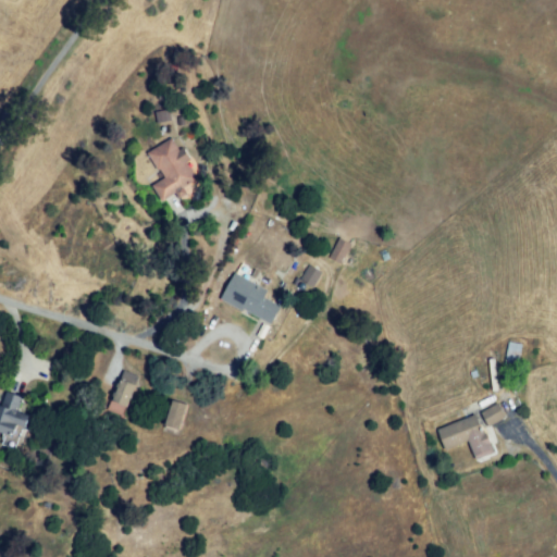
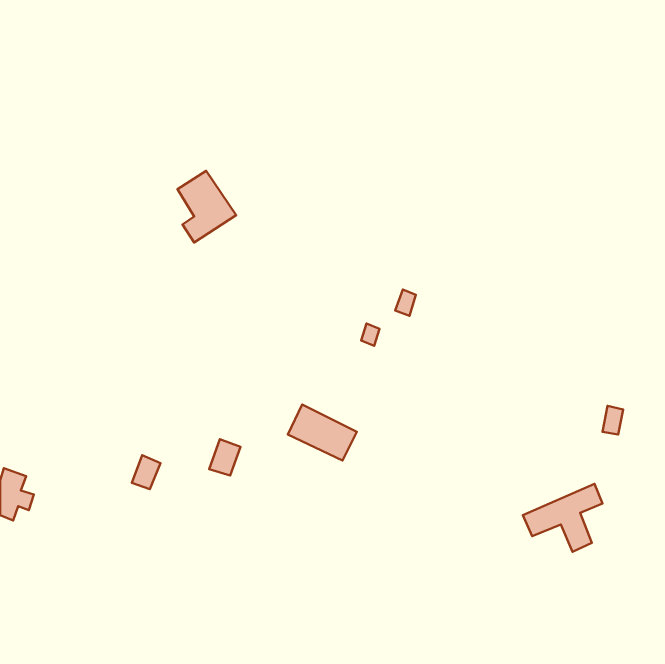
building: [224,275,282,322] -> [288,404,357,461]
building: [163,401,189,432] -> [209,439,241,476]

